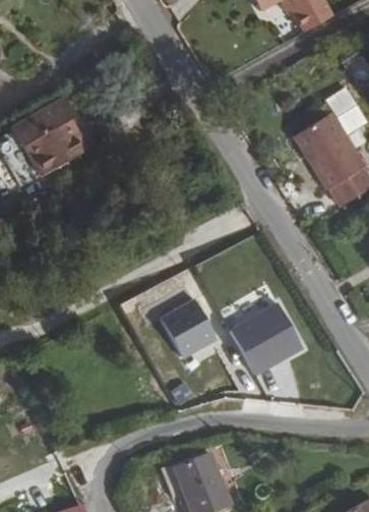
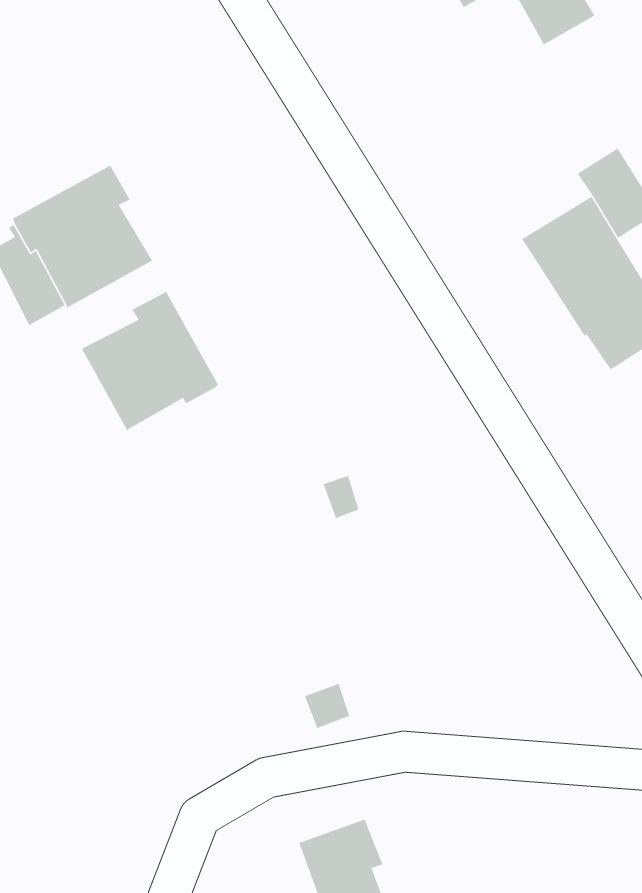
building: none -> [81,291,219,432]
building: [160,300,219,357] -> none
building: [230,304,302,375] -> none

